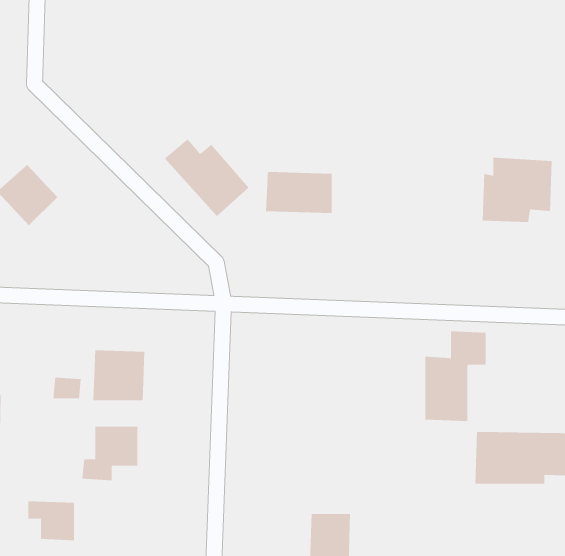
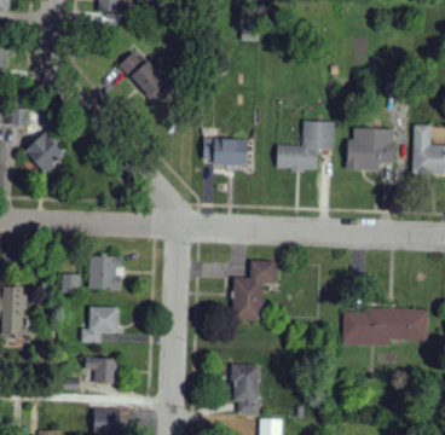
building: [164,139,250,217] -> [119,51,175,103]
building: none -> [277,121,335,169]
building: [425,331,486,422] -> [233,260,274,320]
building: [28,501,75,541] -> [86,356,117,383]

